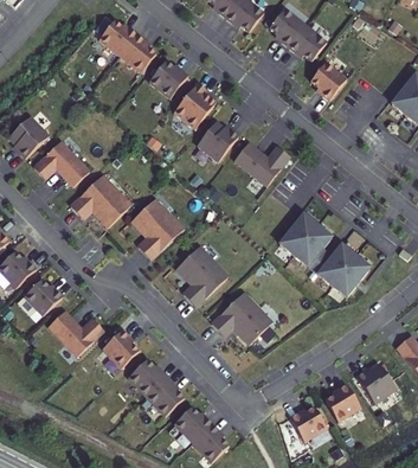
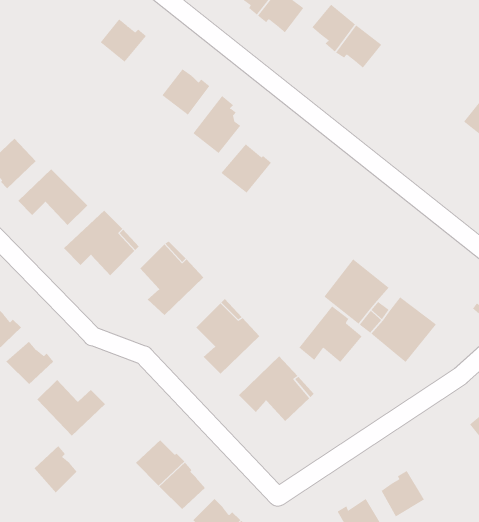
building: [120,34,156,72] -> none
building: [310,62,347,101] -> none
building: [234,142,290,186] -> none
building: none -> [298,306,362,363]
building: [103,329,139,368] -> [33,445,78,494]
building: [355,363,397,403] -> none

